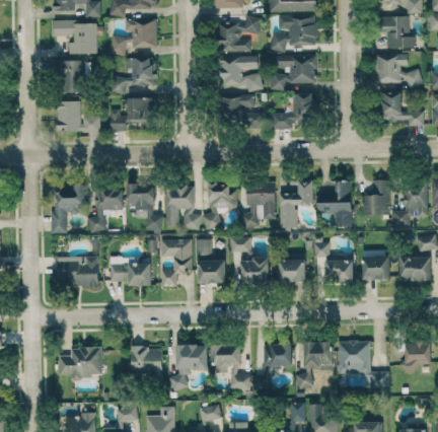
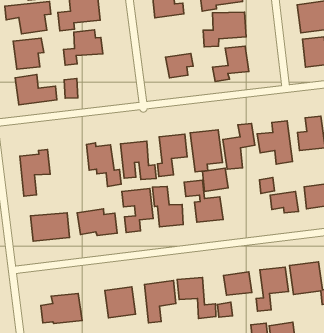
building: [219,56,262,92] -> none
building: [128,97,154,120] -> none
building: [88,187,124,231] -> none
building: [280,259,306,282] -> [202,168,228,191]

